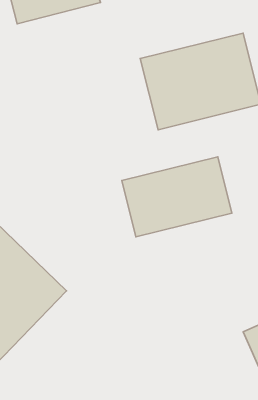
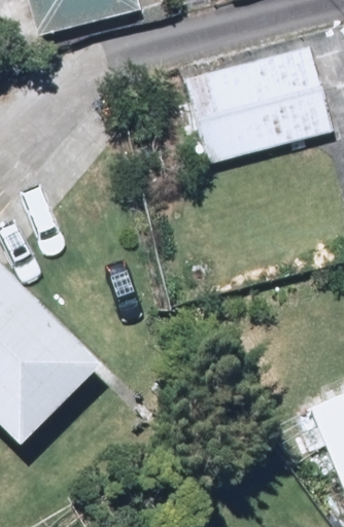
building: [122,157,232,237] -> none

